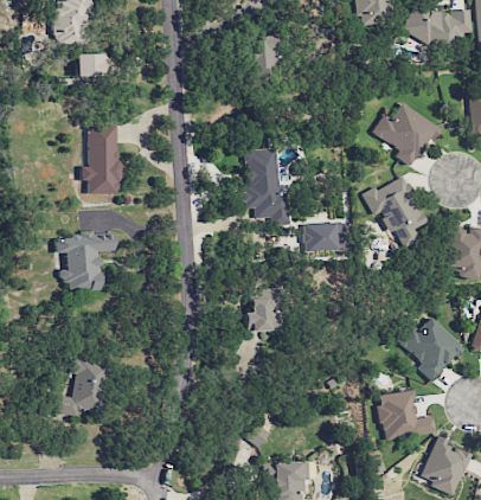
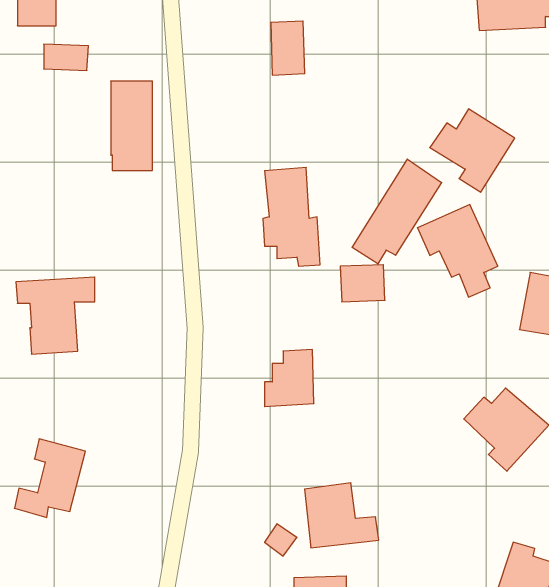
building: [86,124,118,193] -> [111,81,152,170]
building: none -> [352,159,442,264]
building: [378,390,435,440] -> [305,483,379,548]

